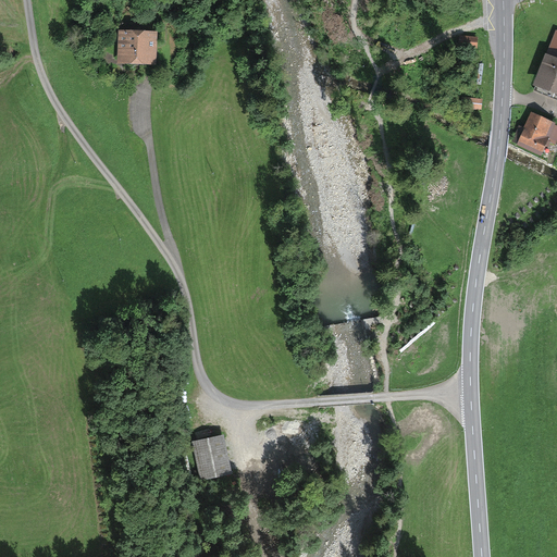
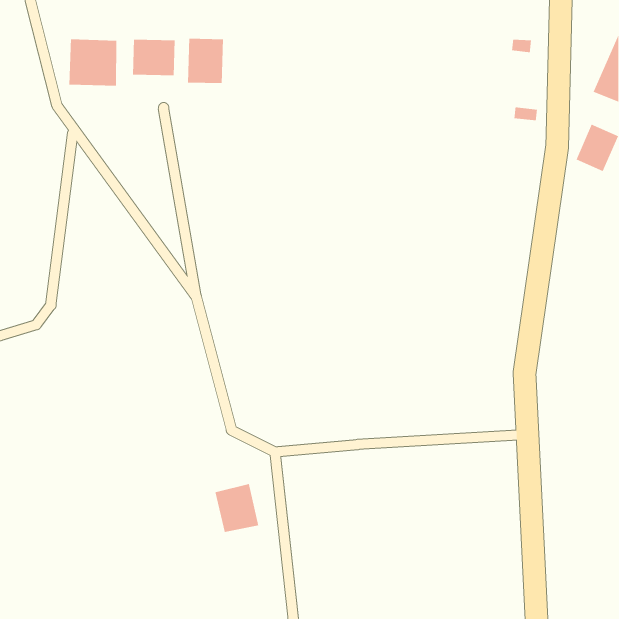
building: none -> [187,38,224,84]
building: none -> [68,38,117,86]

